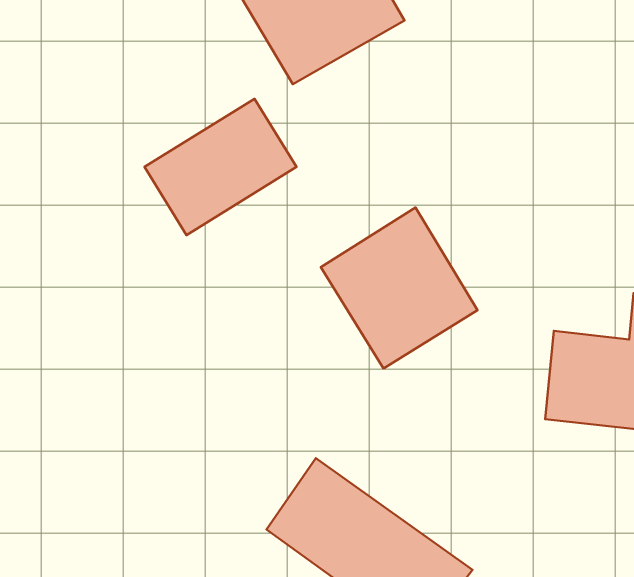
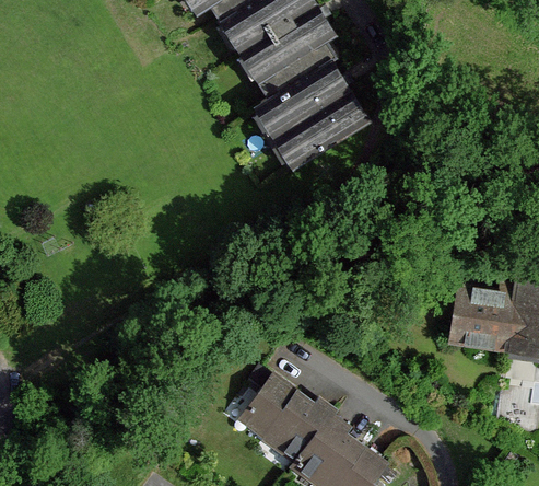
building: [144,99,297,235] -> [257,65,372,167]
building: [321,208,478,368] -> none

